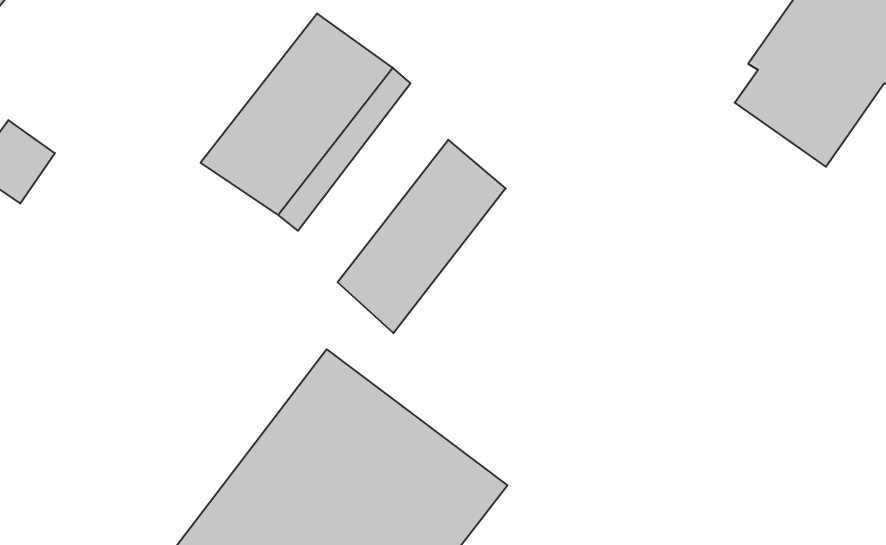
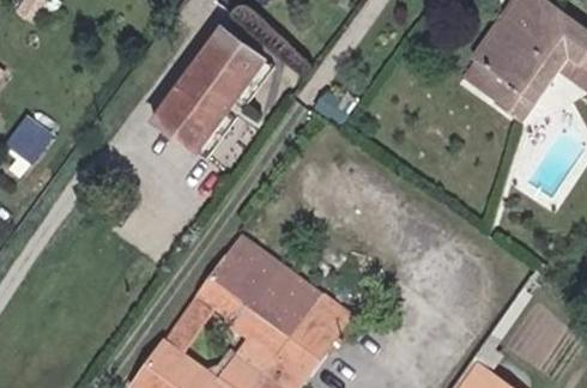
building: [338,140,506,333] -> none

